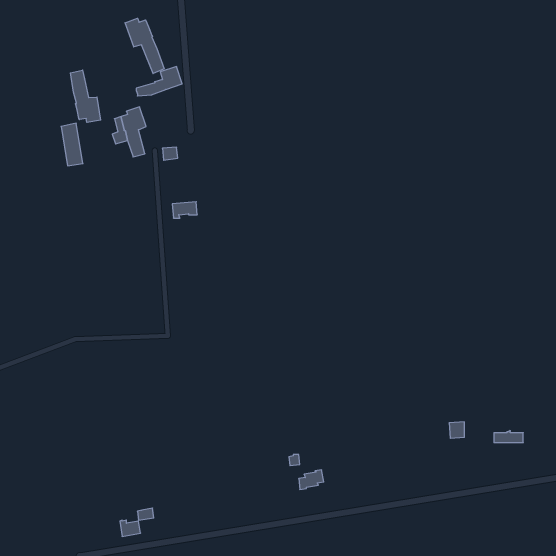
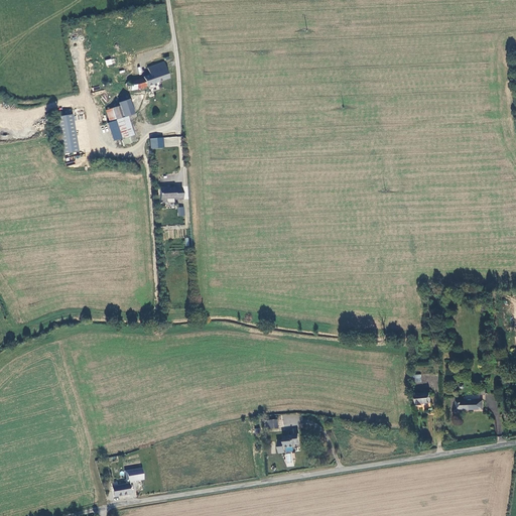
building: [125,18,164,74] -> none
building: [70,70,101,122] -> none

